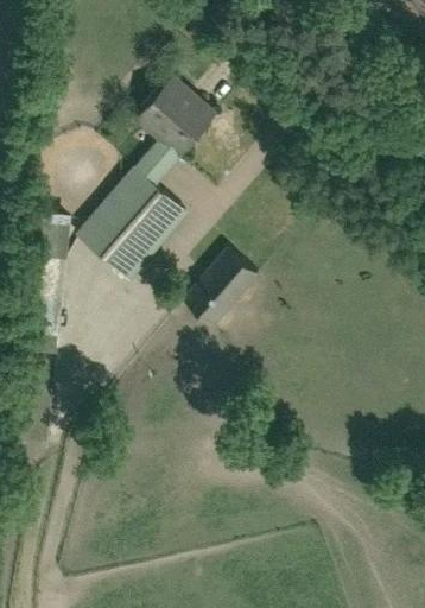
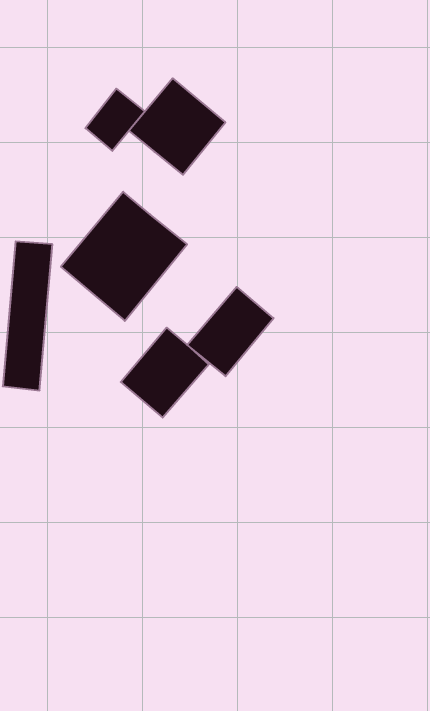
building: [129,137,179,189] -> [85,89,145,151]
building: none -> [121,328,209,418]

